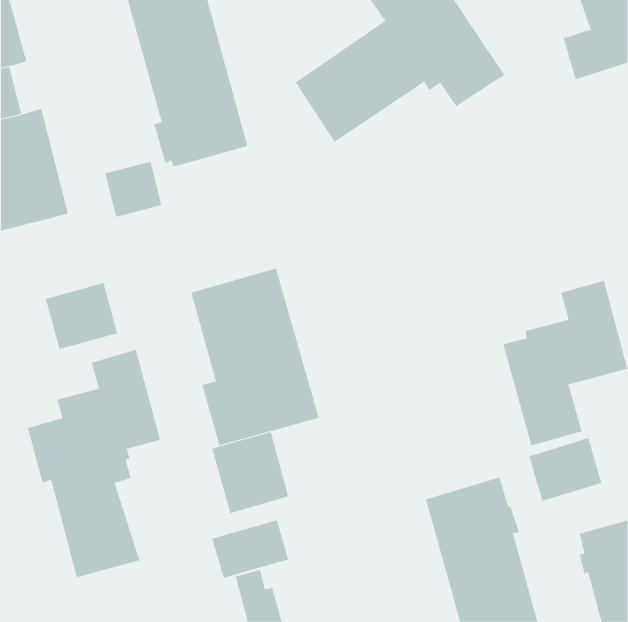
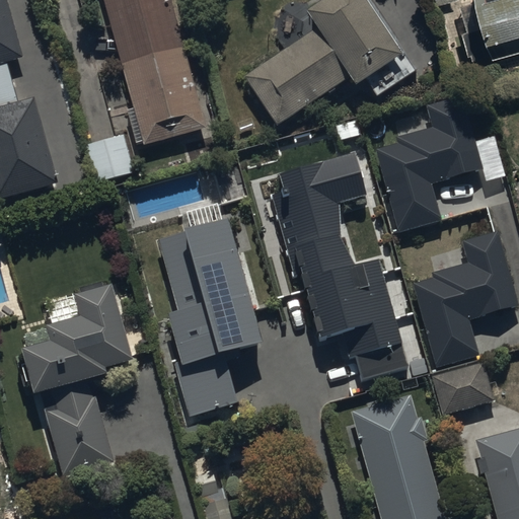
building: none -> [376,93,484,232]
building: none -> [270,152,406,377]
building: [45,282,118,350] -> none
building: [212,520,289,579] -> none

